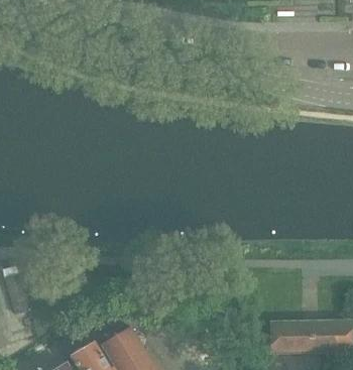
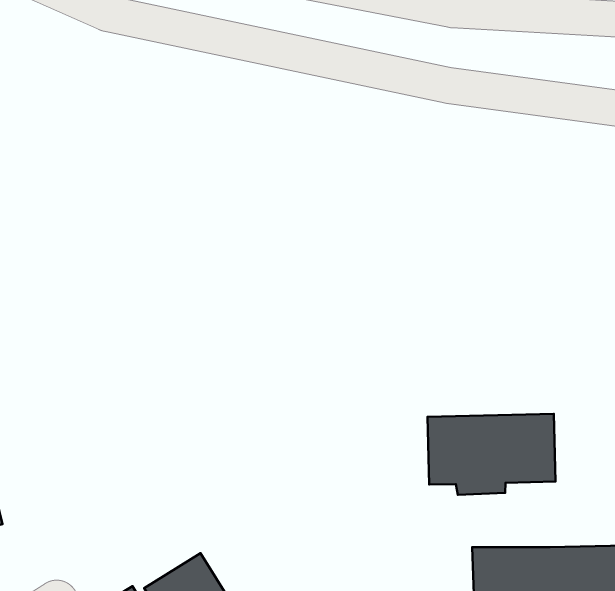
building: none -> [428,414,556,495]

